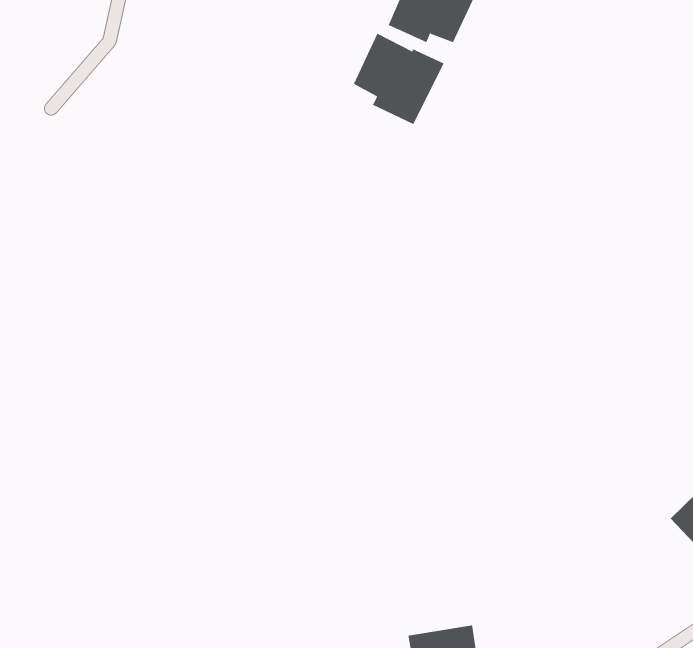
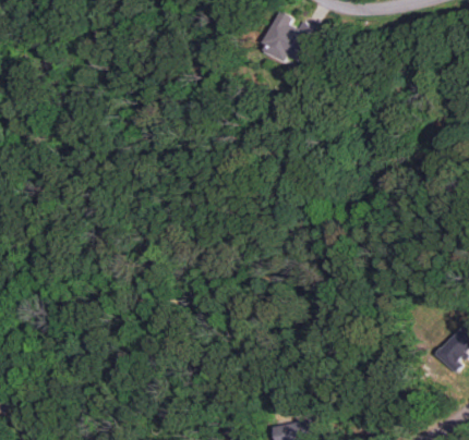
building: [353,33,445,125] -> none

